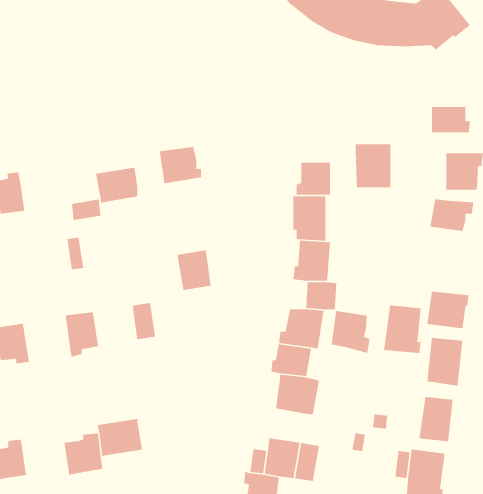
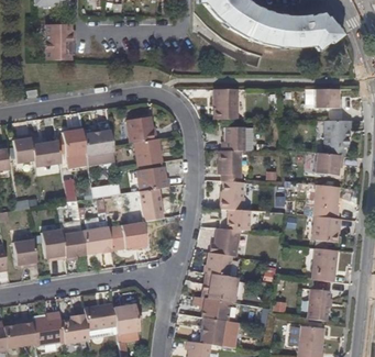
building: none -> [46,24,74,60]
building: [355,144,391,188] -> [212,89,238,120]
building: none -> [62,126,86,156]
building: none -> [130,138,162,167]
building: none -> [32,141,60,167]
building: none -> [136,167,169,191]
building: none -> [121,221,146,248]
building: [383,305,421,354] -> [312,185,339,219]
building: none -> [81,226,111,253]
building: none -> [41,230,65,259]
building: [331,310,371,354] -> none
building: none -> [194,297,231,321]
building: none -> [112,304,139,335]
building: none -> [32,312,64,346]

